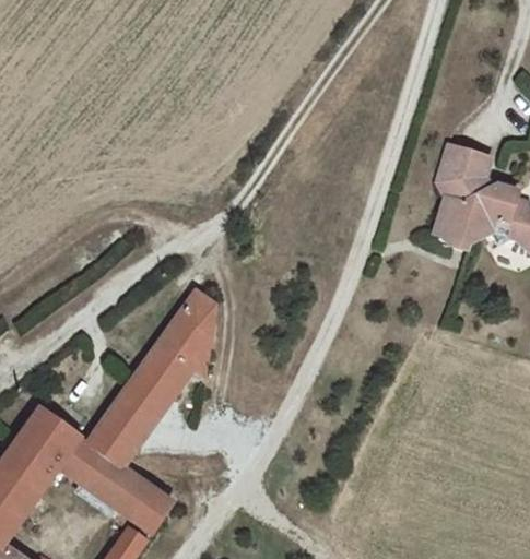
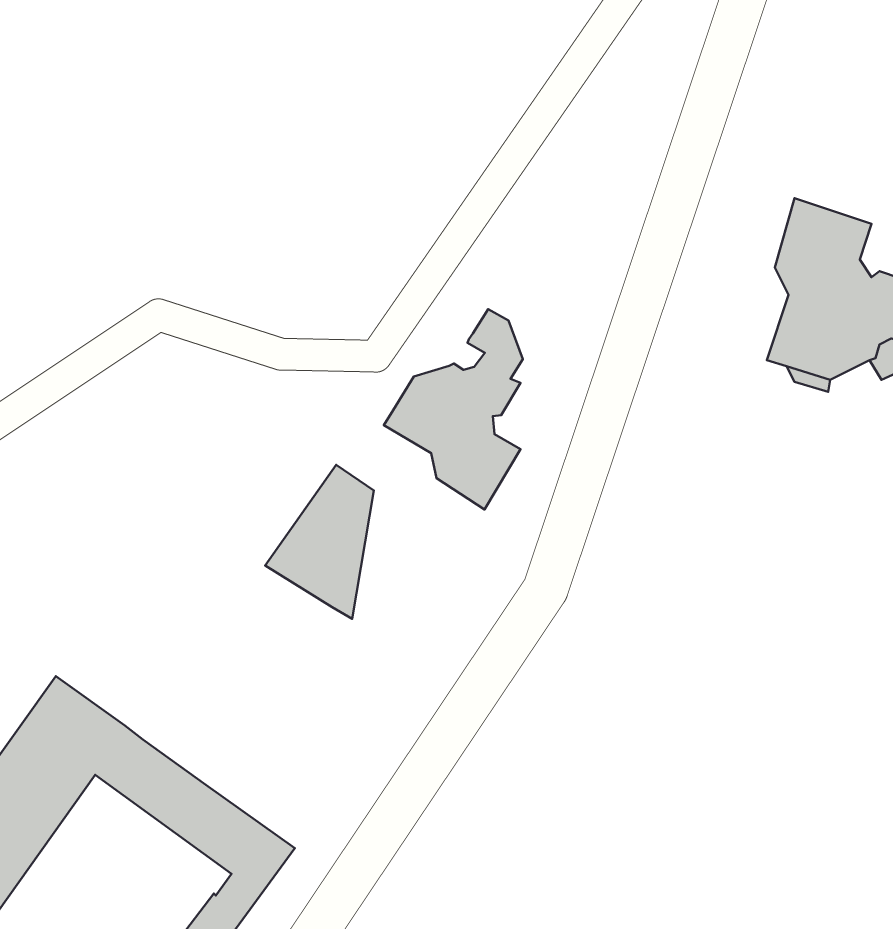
building: none -> [384,309,523,510]
building: [87,346,192,467] -> none

